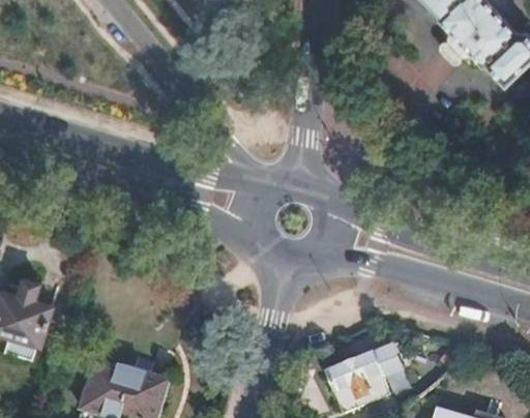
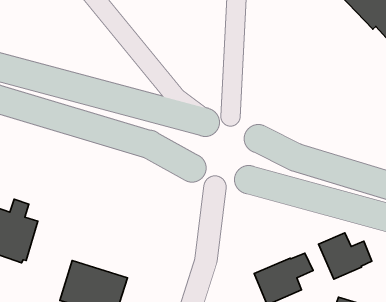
building: none -> [319,233,372,279]

